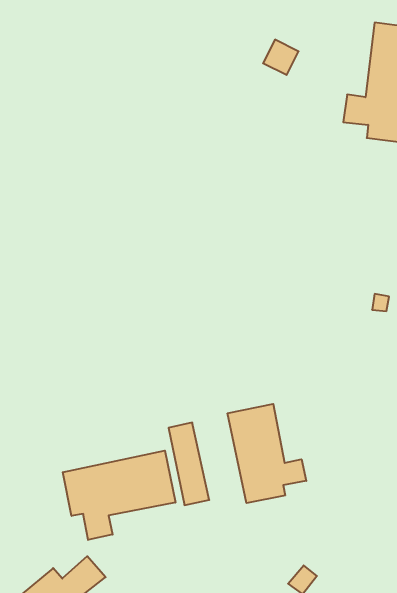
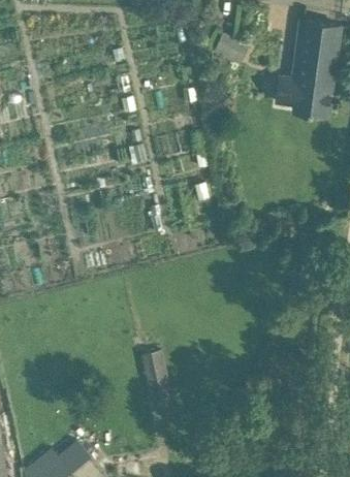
building: [228,404,306,503] -> none
building: [63,451,175,540] -> none

